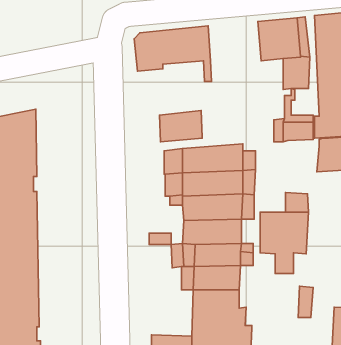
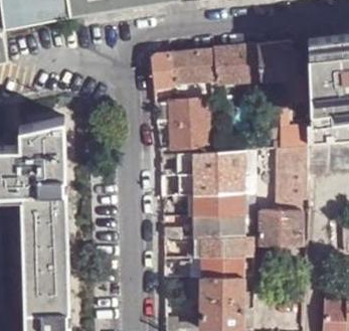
building: none -> [214,43,260,101]
building: none -> [170,99,208,125]
building: none -> [284,146,311,179]

